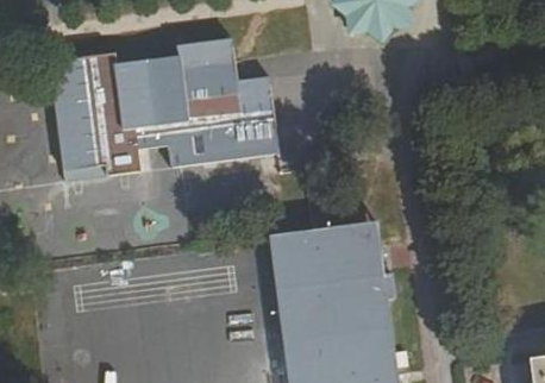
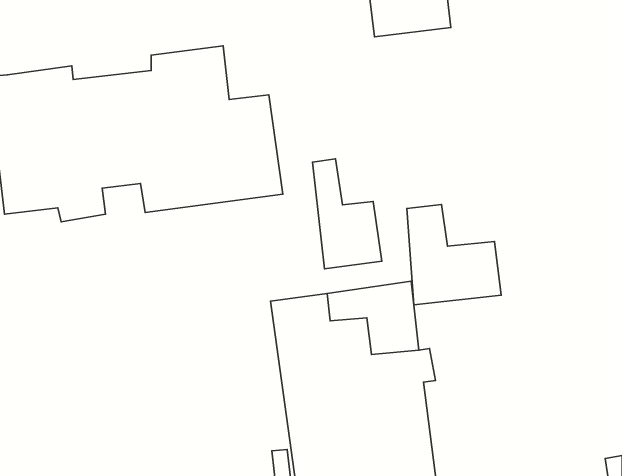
building: none -> [312,159,382,269]
building: none -> [407,205,501,305]

